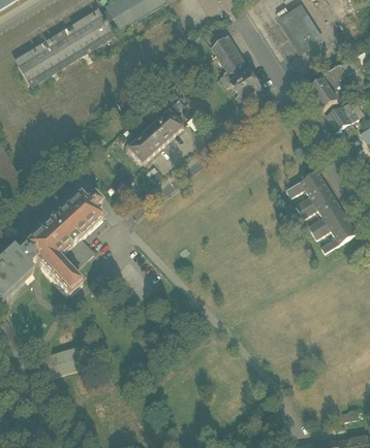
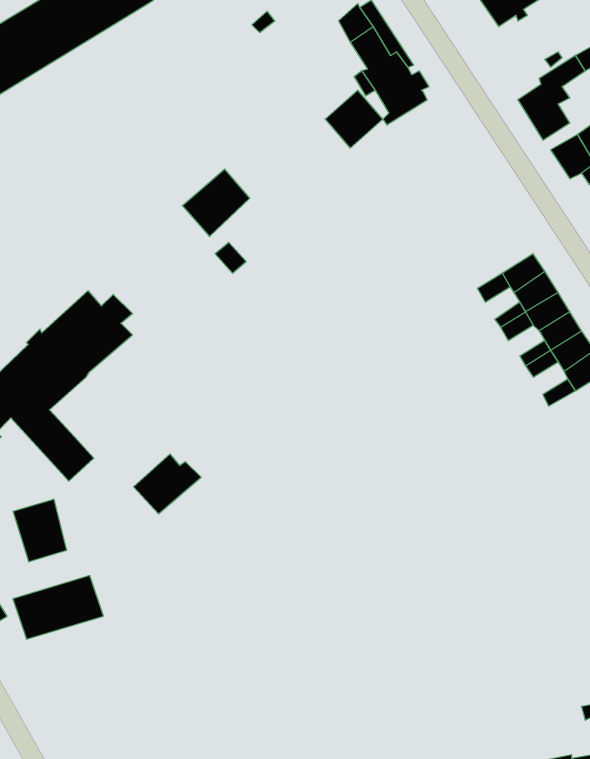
building: [151,110,182,141] -> [325,90,383,148]
building: [57,237,93,269] -> [134,454,201,514]
building: none -> [13,499,67,562]

